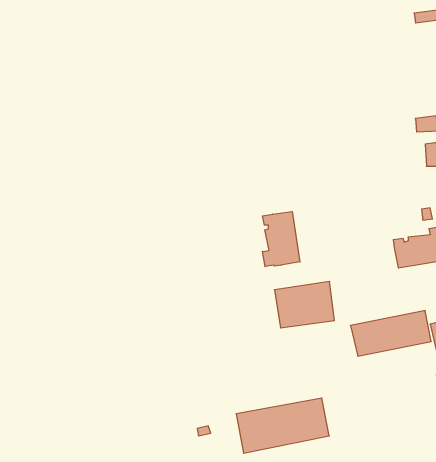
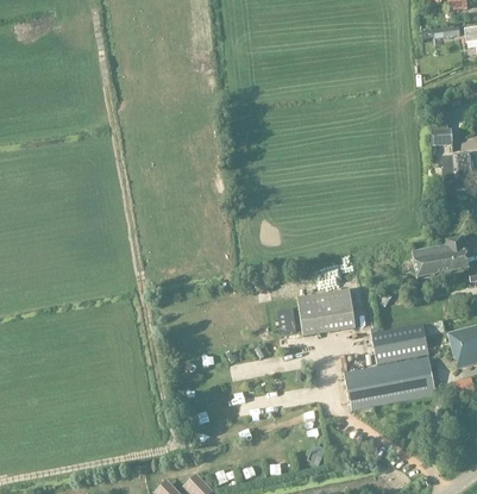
building: [263,212,300,267] -> none
building: [236,398,329,453] -> [344,356,434,409]

